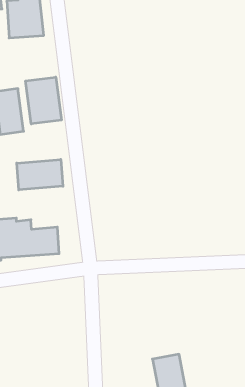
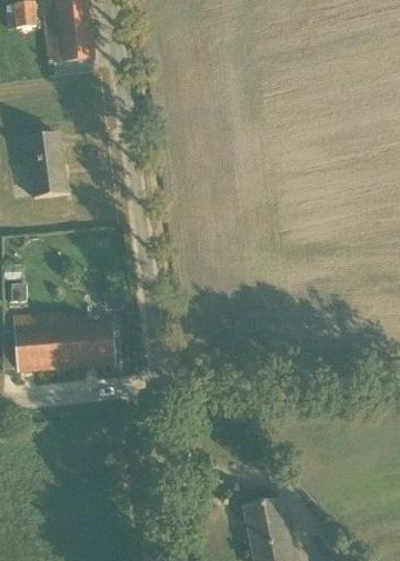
building: [26,77,61,124] -> none
building: [17,159,63,190] -> none

